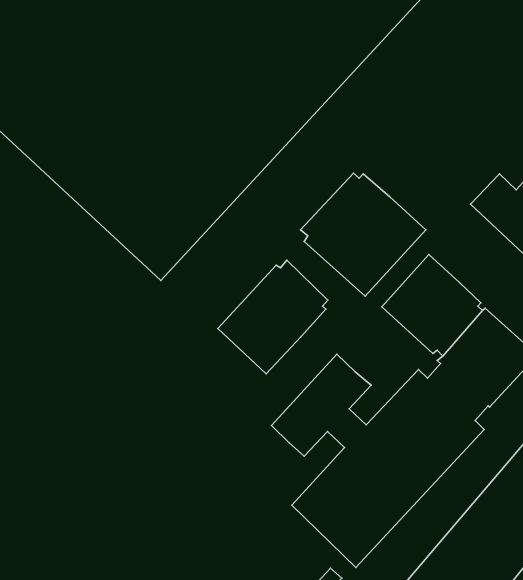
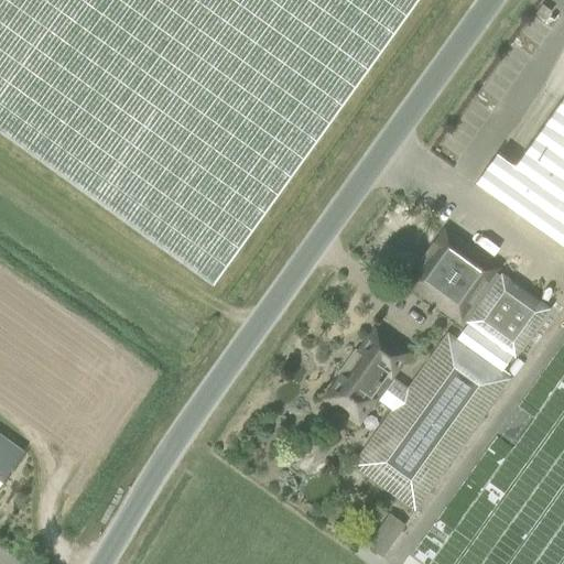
building: [300,173,426,296] -> none
building: [218,260,328,374] -> none

